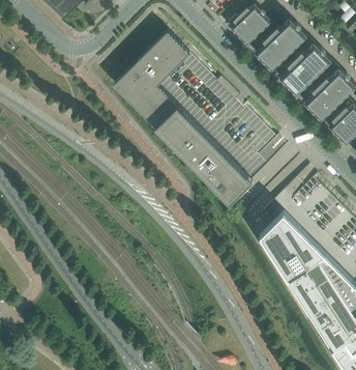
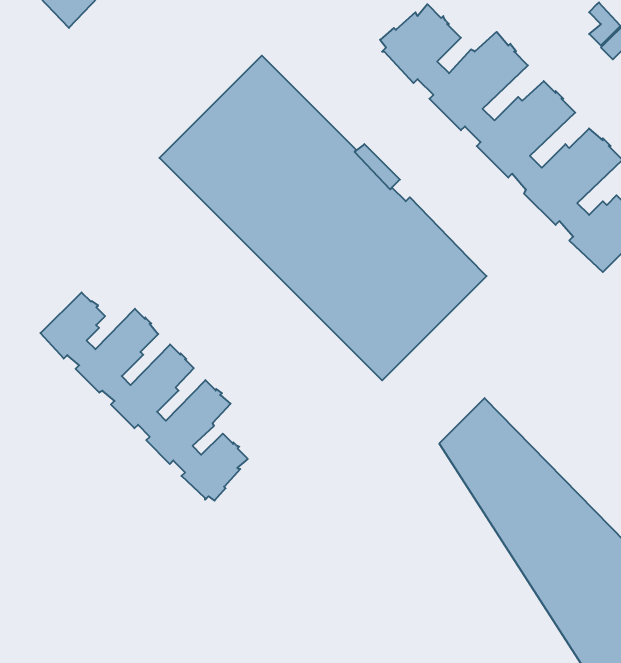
building: none -> [40,292,248,501]

